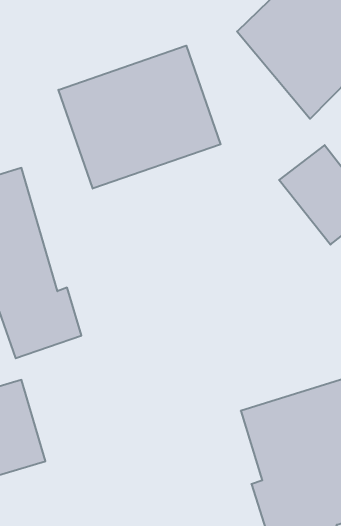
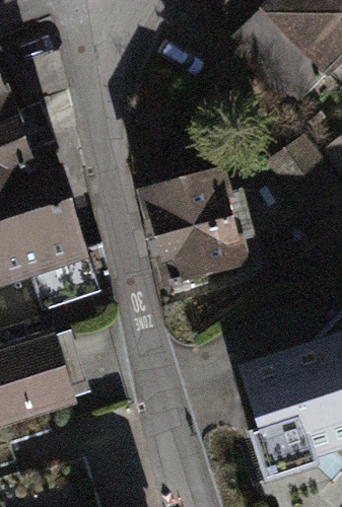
building: [58,46,221,189] -> none
building: none -> [136,165,252,288]

